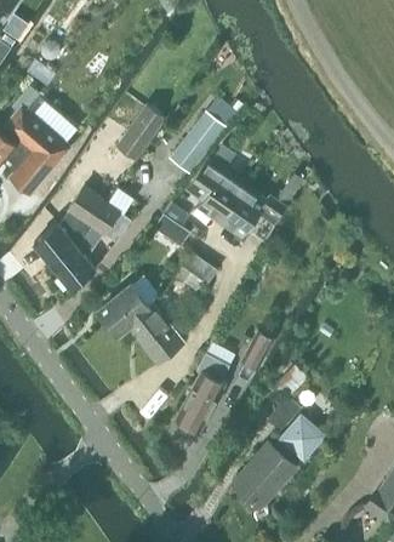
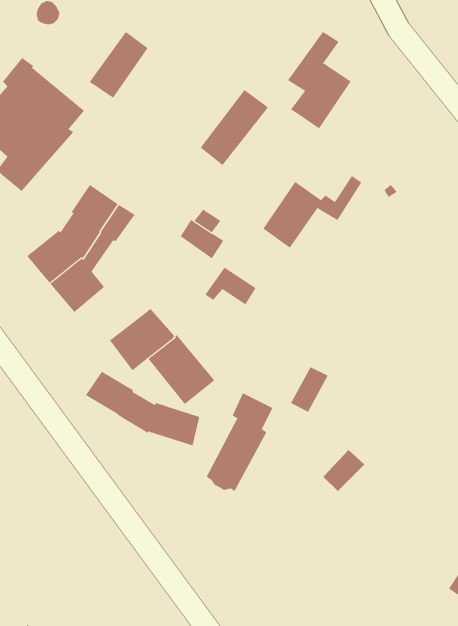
building: [118,105,165,159] -> [89,31,149,99]
building: [195,146,246,223] -> [287,31,352,129]
building: none -> [85,371,200,446]
building: [232,417,324,509] -> none

